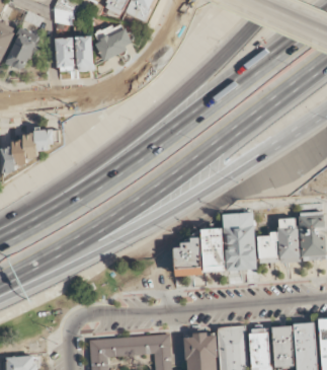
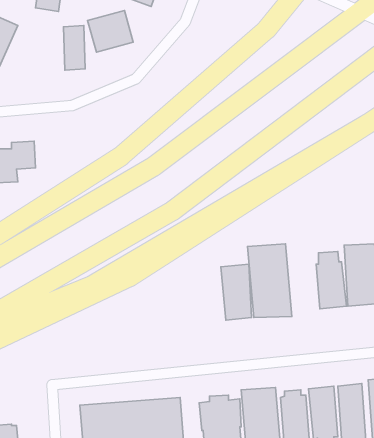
building: [56,38,74,68] -> none
building: [257,231,278,263] -> none
building: [174,236,203,276] -> none

